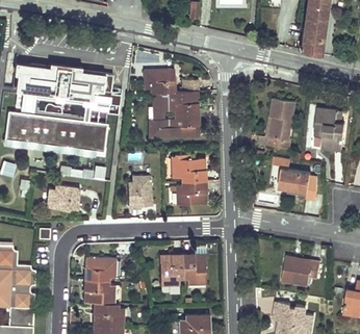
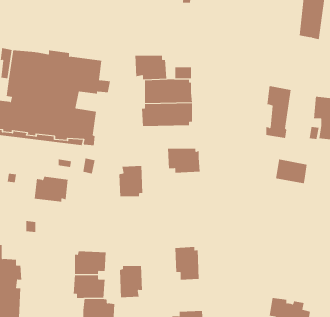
building: [175,181,207,205] -> none
building: [160,254,183,285] -> [119,266,143,298]
building: [281,256,319,286] -> none

